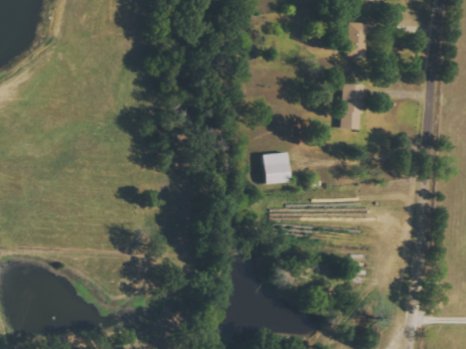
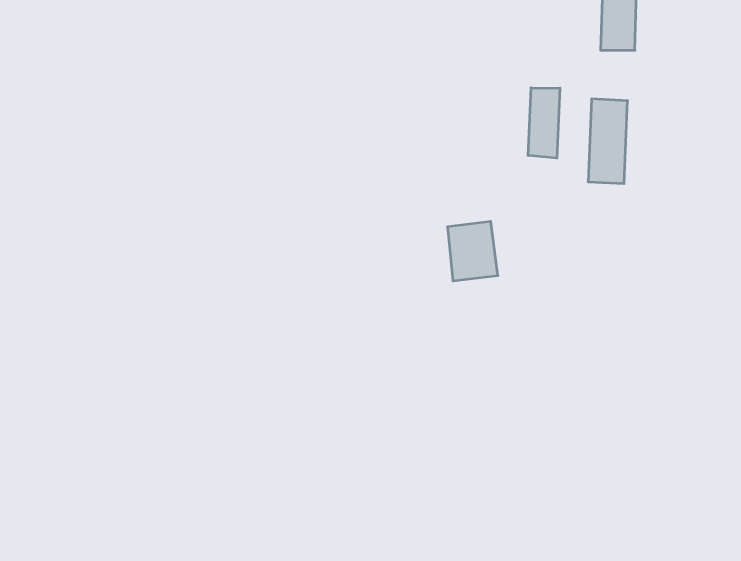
building: none -> [528,88,560,158]

